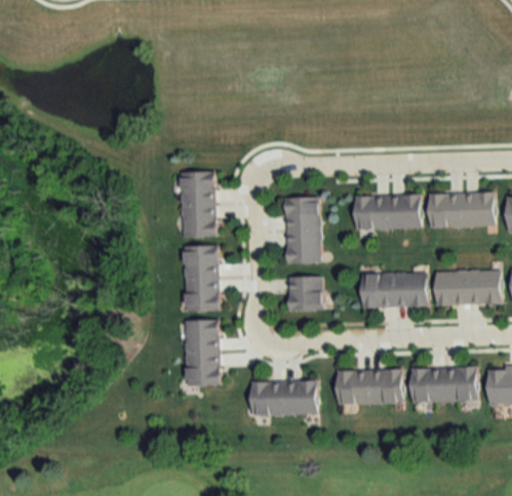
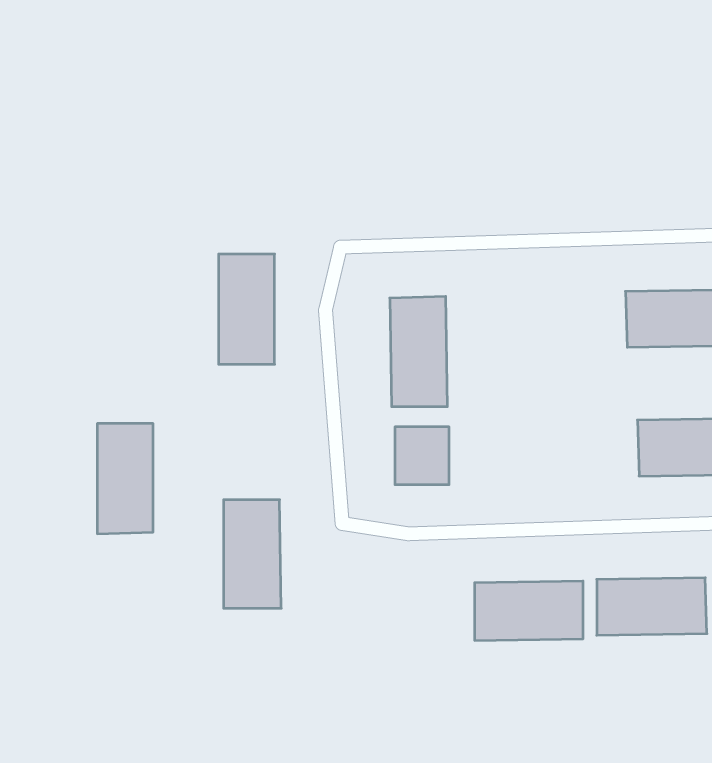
building: [355,195,420,230] -> none
building: [185,245,219,312] -> [97,424,153,534]
building: [361,273,427,307] -> none
building: [250,380,316,416] -> none

